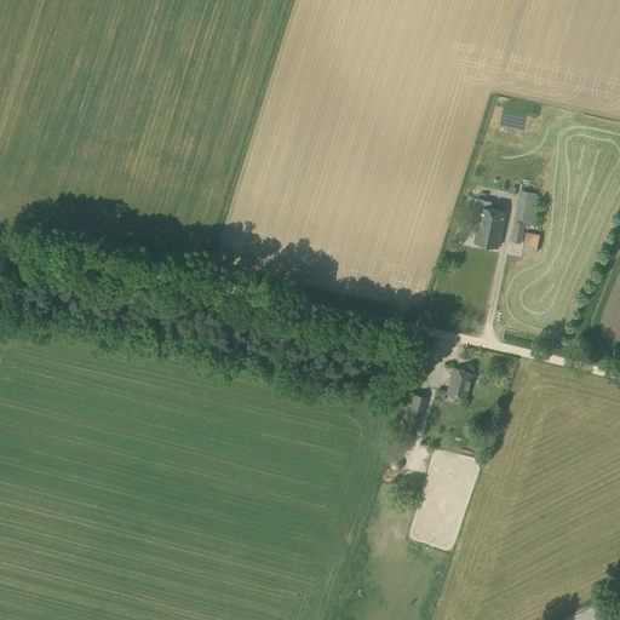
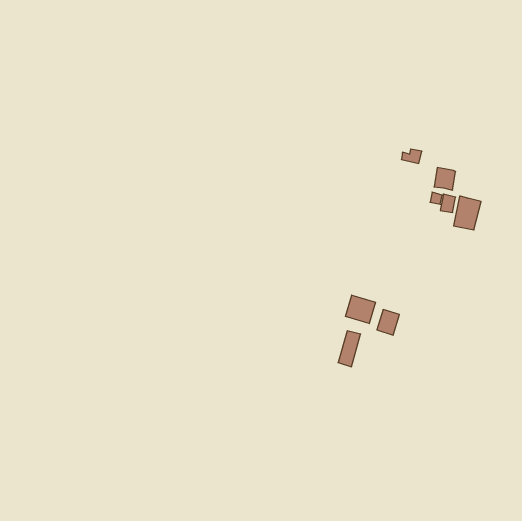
building: [473,206,506,246] -> [454,196,481,230]
building: none -> [346,295,375,324]

